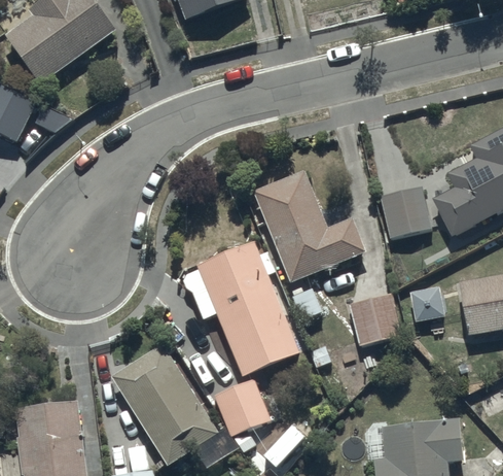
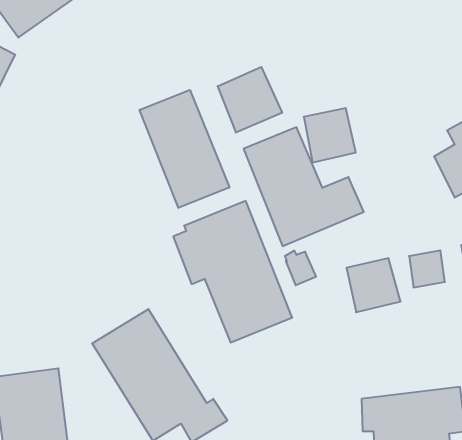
building: none -> [218,67,282,133]
building: none -> [140,90,229,208]
building: [382,188,431,239] -> [304,108,356,162]
building: [213,375,278,455] -> none

